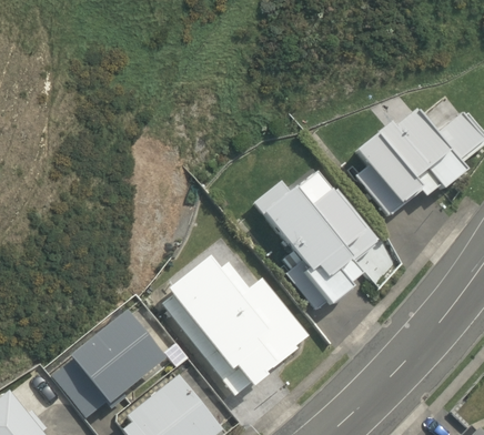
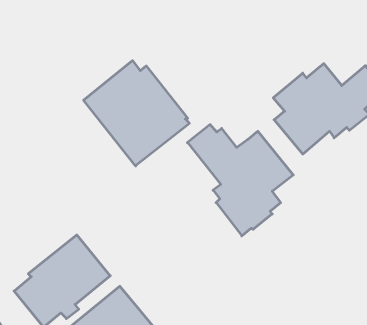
building: none -> [84,61,189,166]
building: [167,264,306,390] -> none

